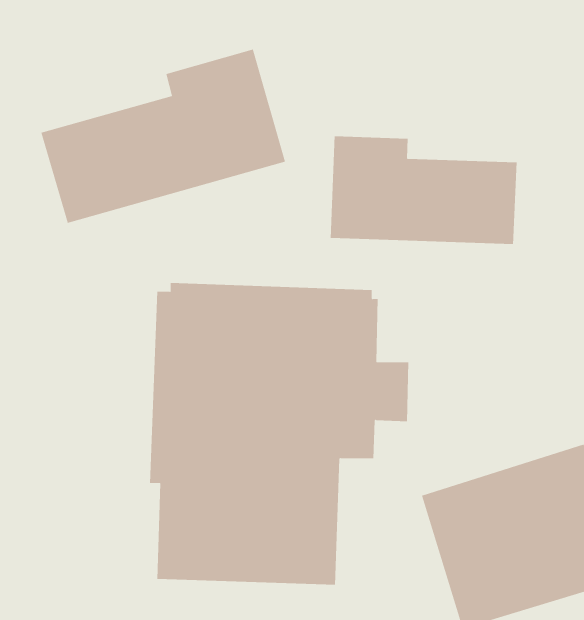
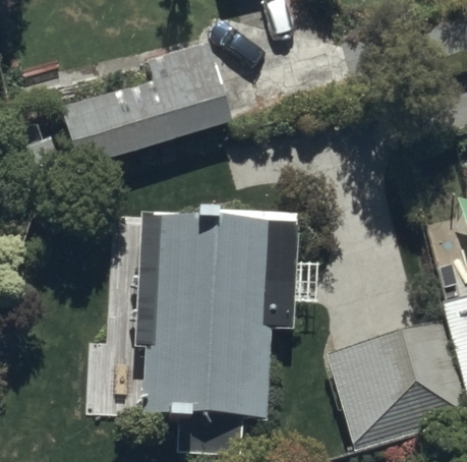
building: [330,136,517,245] -> none

